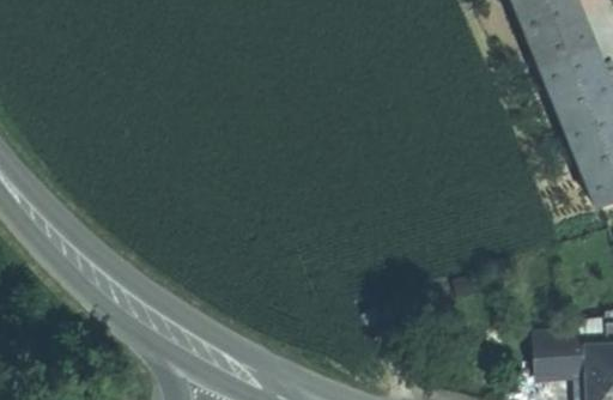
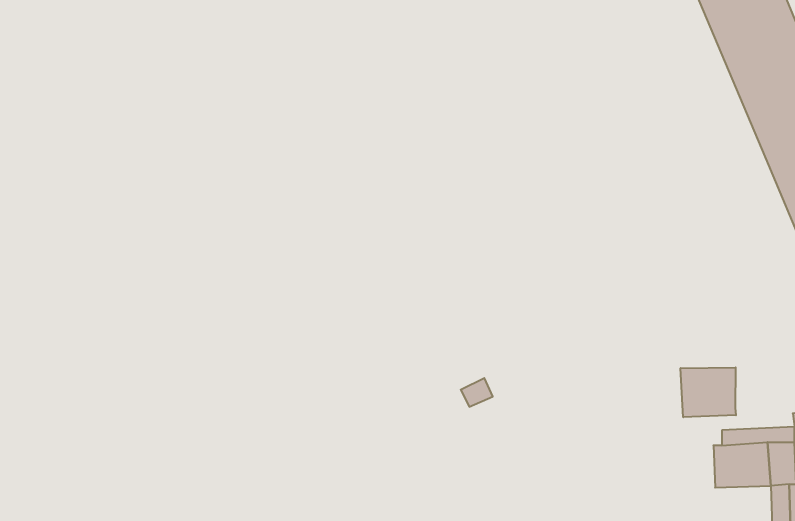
building: none -> [681,367,736,417]

